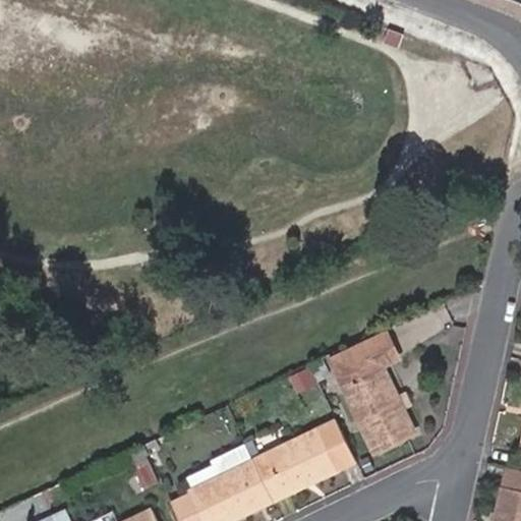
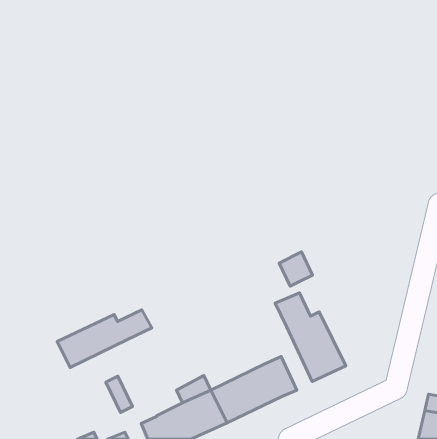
building: [357,334,397,374] -> [279,252,313,286]
building: none -> [57,310,152,367]

